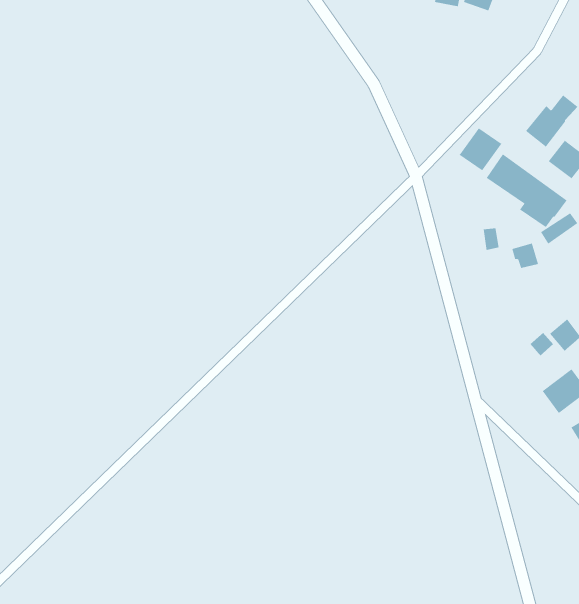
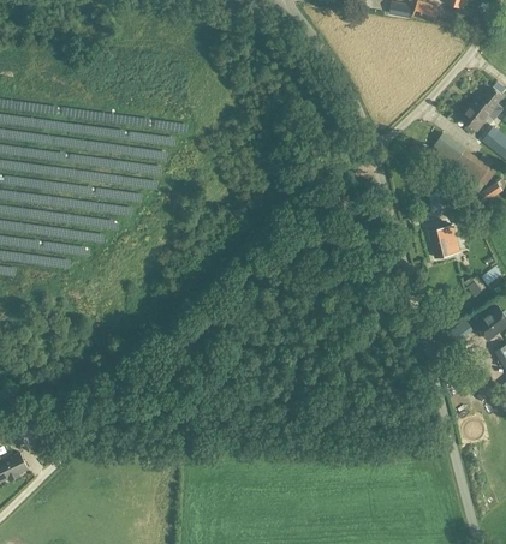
building: [459,127,502,171] -> none
building: none -> [429,226,460,257]

